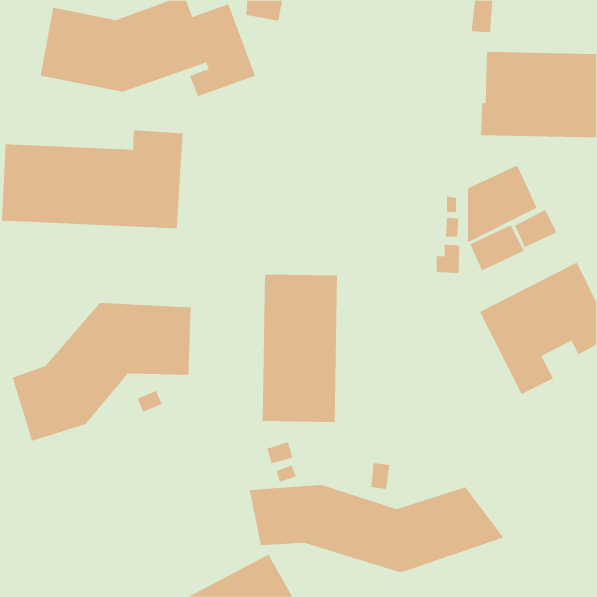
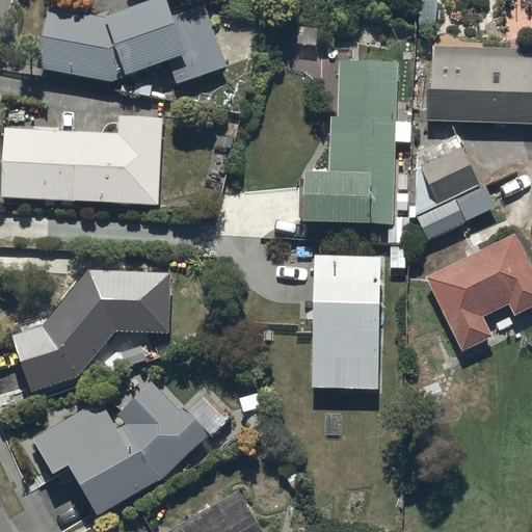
building: none -> [301,60,411,222]
building: [262,274,338,422] -> [310,257,377,389]
building: none -> [30,382,208,516]
building: [249,484,504,573] -> none

